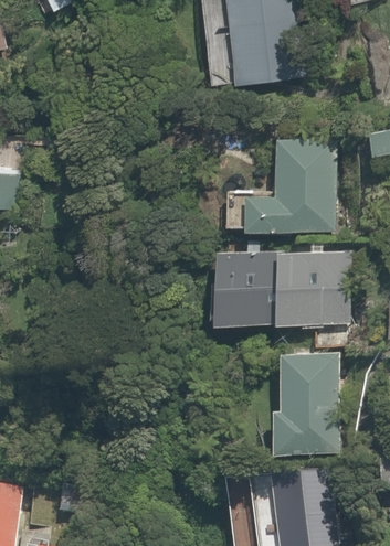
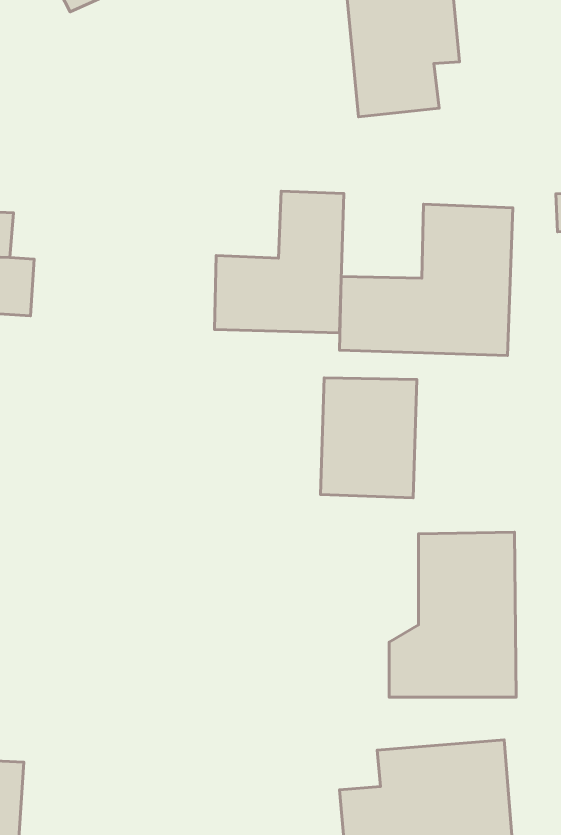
building: none -> [214,191,344,333]
building: [271,250,351,328] -> none

